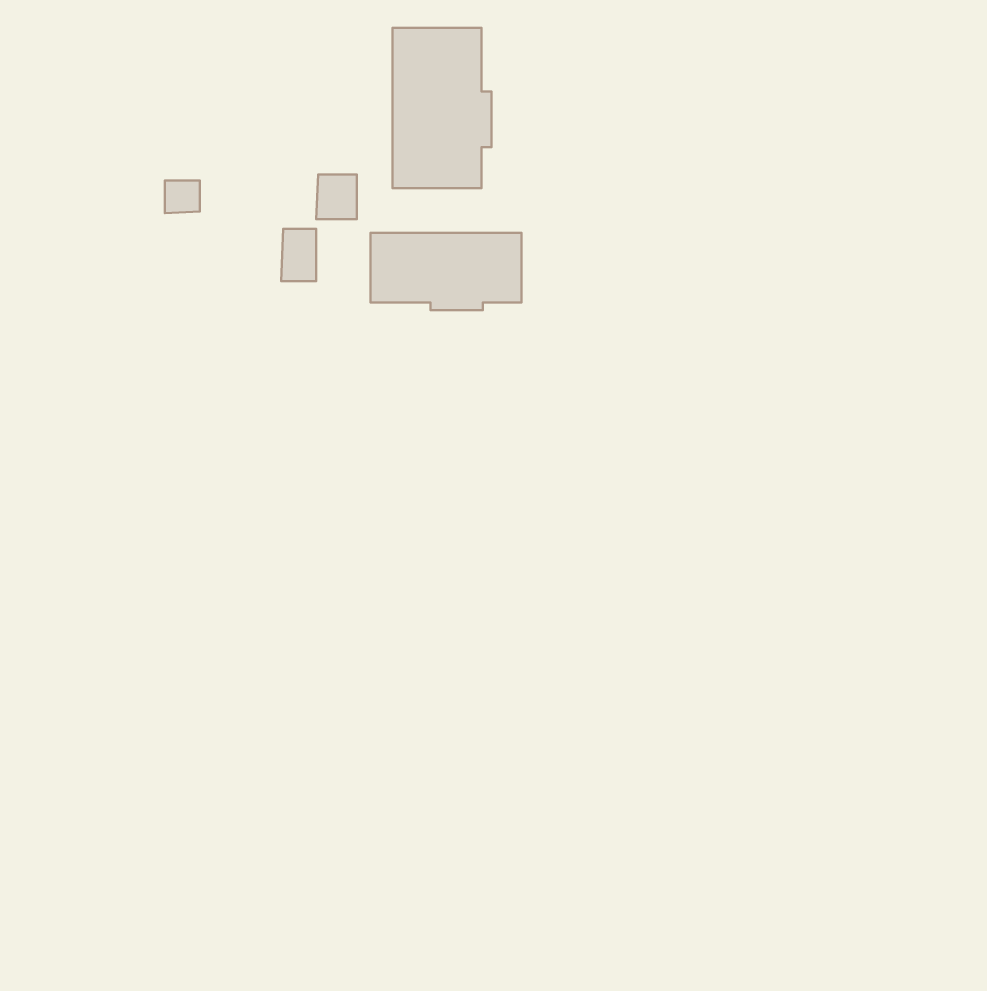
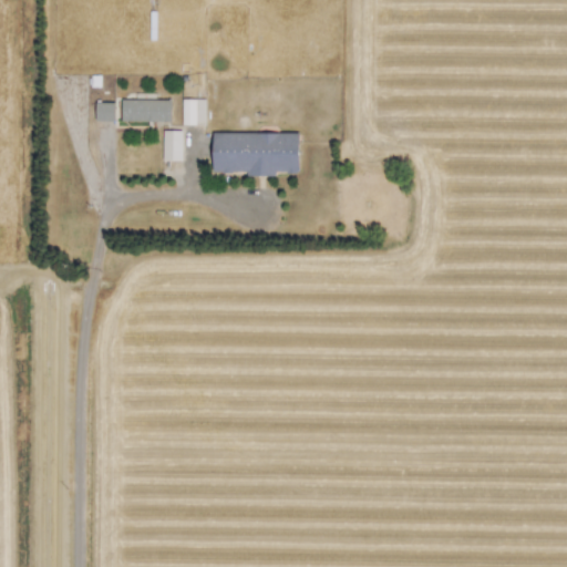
building: [393,28,491,188] -> none
building: none -> [122,100,172,123]

